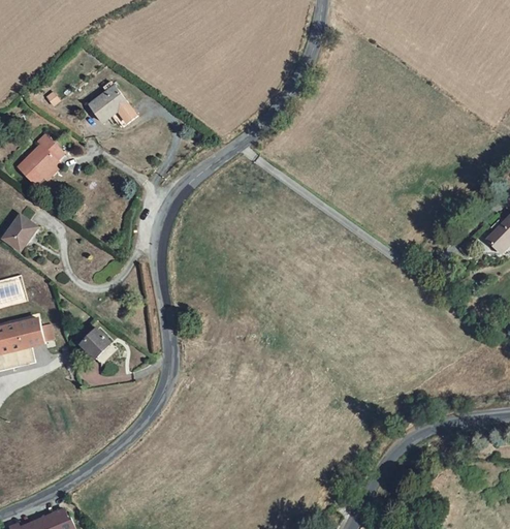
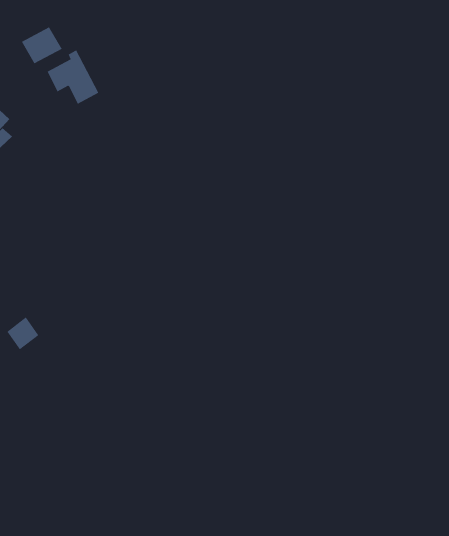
building: none -> [21,27,63,64]

